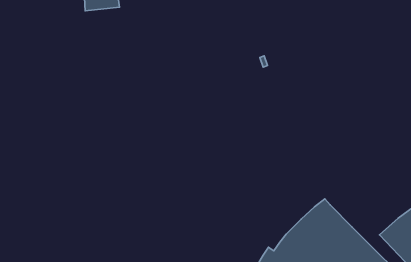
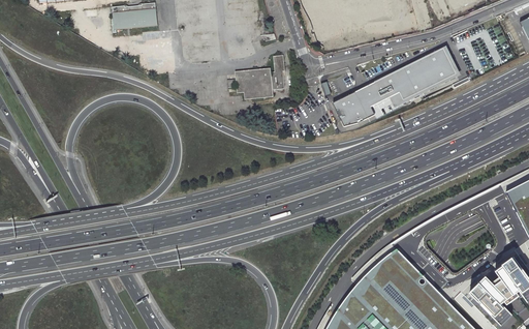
building: none -> [333,47,459,126]
building: none -> [237,56,286,99]

